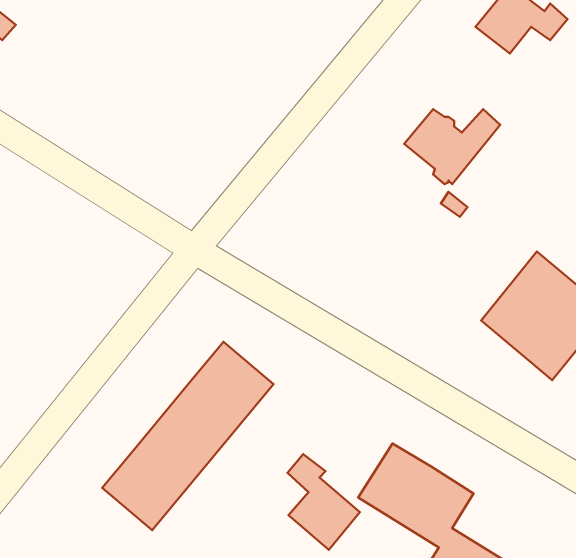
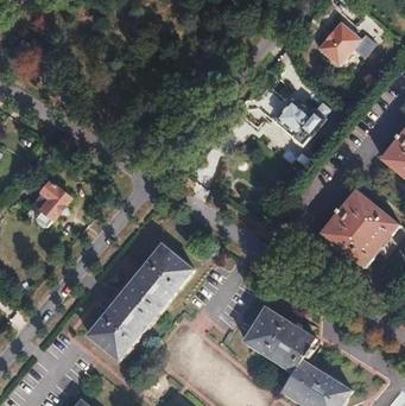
building: none -> [30,182,71,230]
building: [288,454,360,550] -> none

